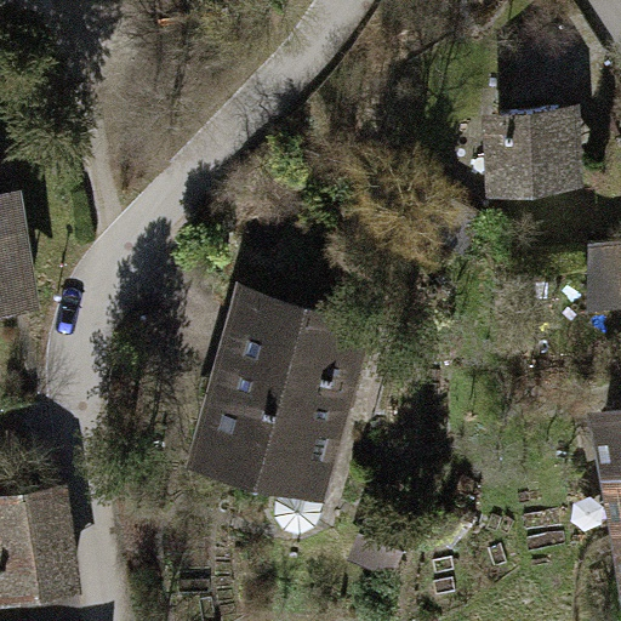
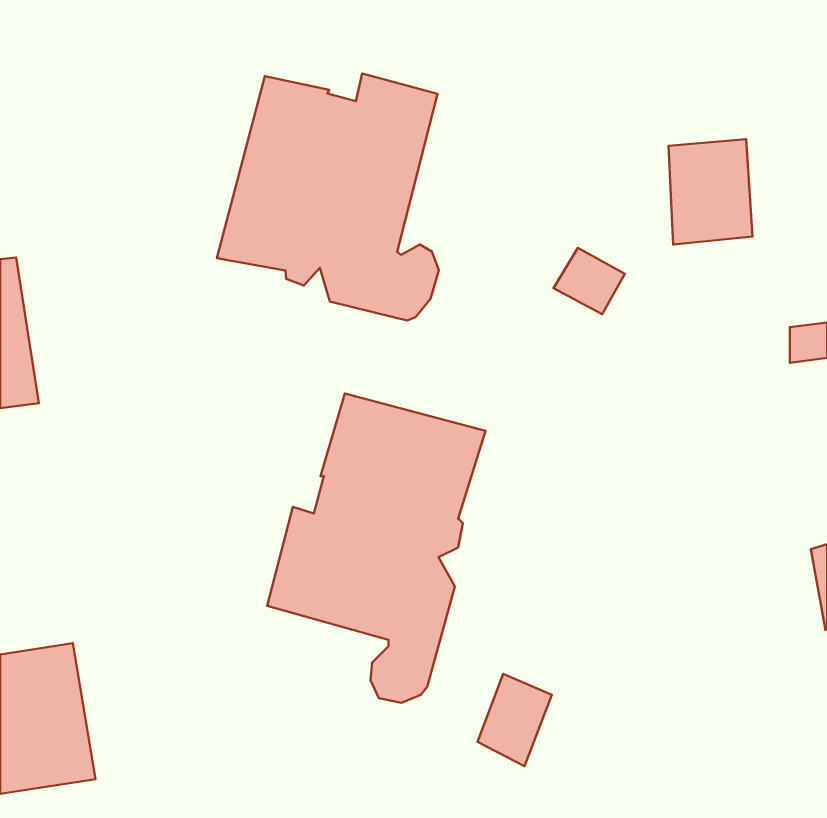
building: none -> [217,74,439,321]

